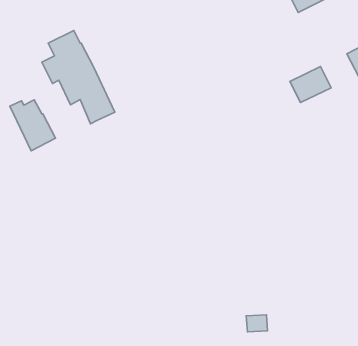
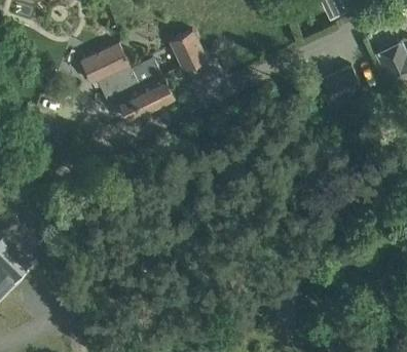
building: none -> [170,32,206,73]
building: [10,100,55,151] -> [131,63,175,112]

